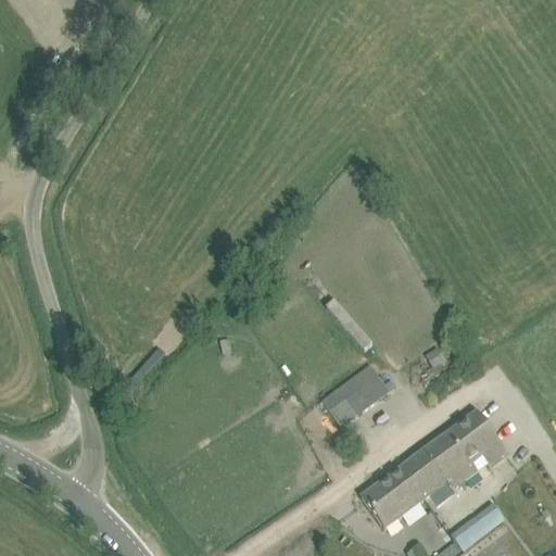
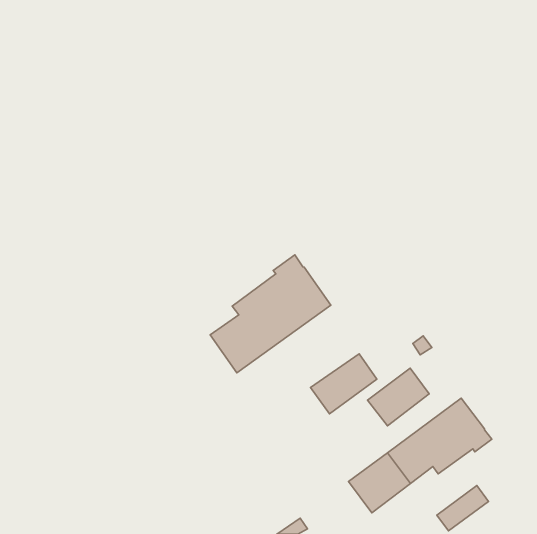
building: none -> [210,255,331,373]
building: none -> [367,368,429,426]

